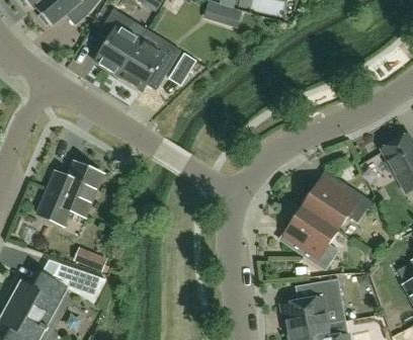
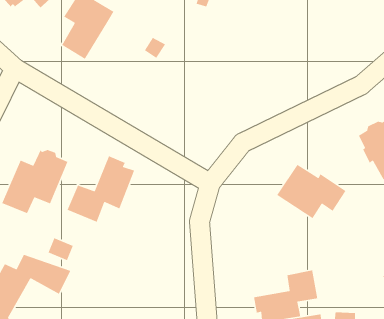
building: [118,37,181,89] -> none
building: none -> [67,155,135,223]
building: [282,205,338,268] -> none

